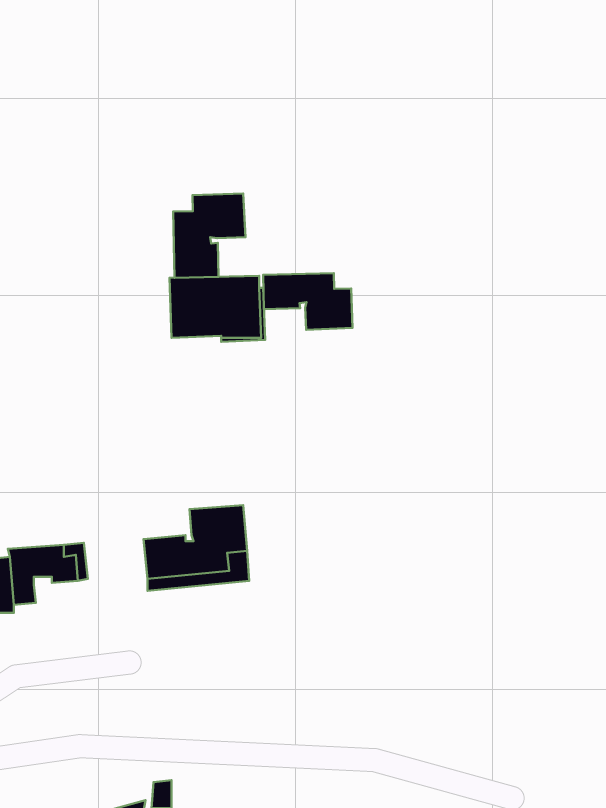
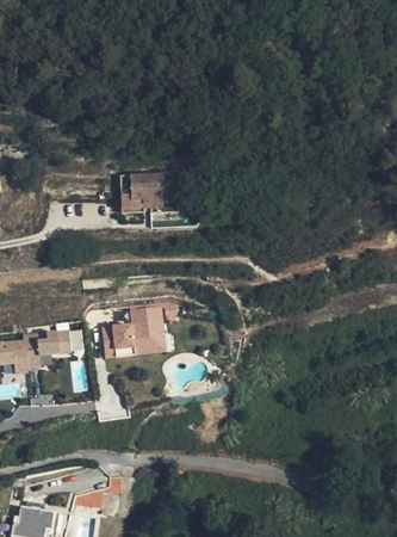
building: [173,194,246,278] -> none
building: [263,273,353,330] -> none

